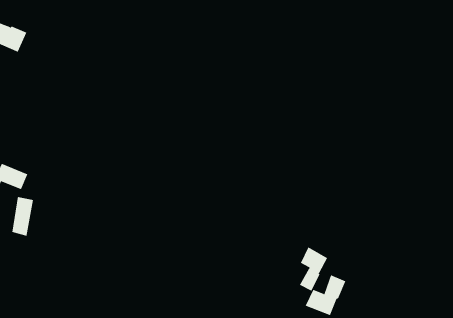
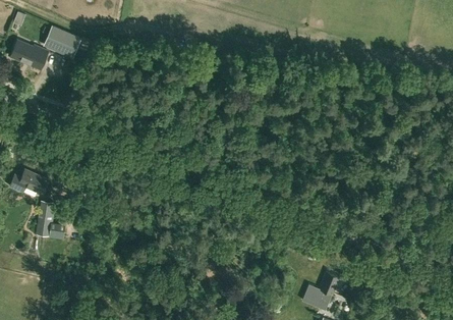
building: none -> [44,25,82,59]
building: [299,247,328,292] -> none

